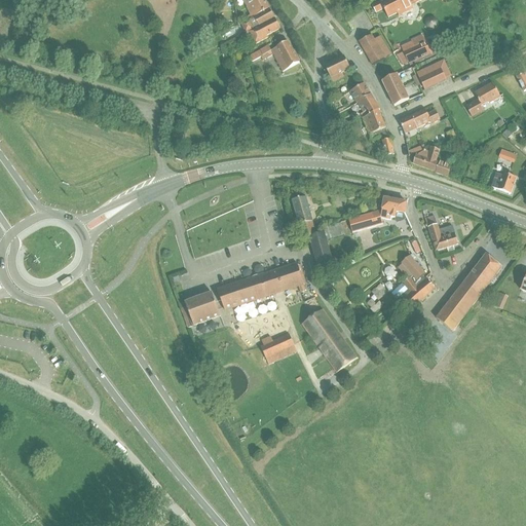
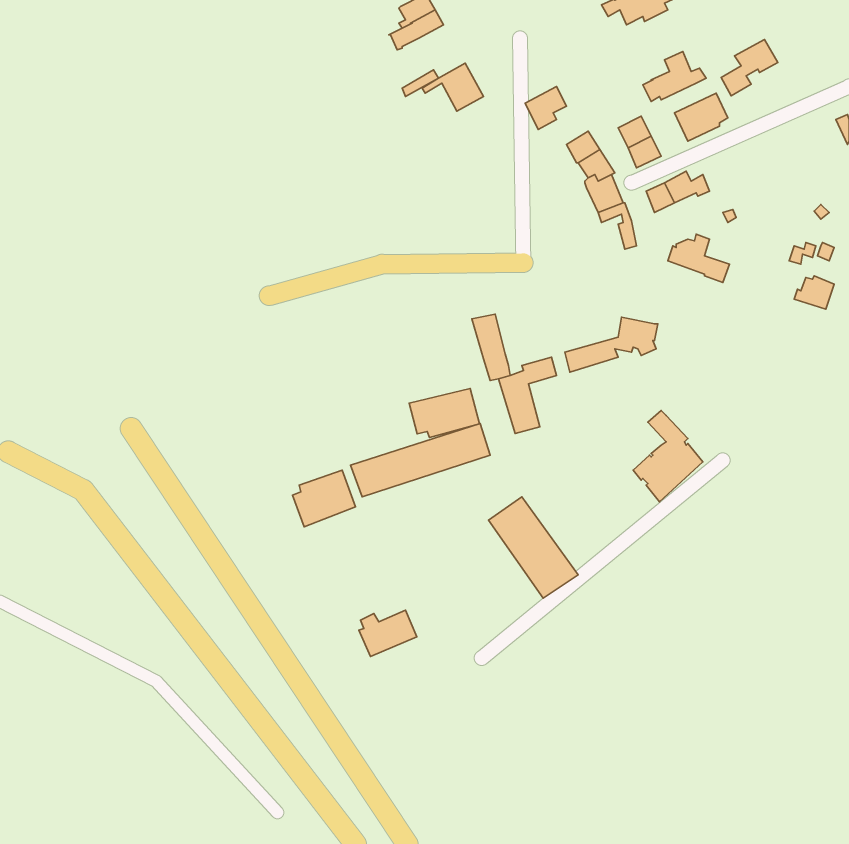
building: [249,15,280,42] -> none
building: [359,32,391,64] -> none
building: [465,80,500,115] -> [721,39,778,96]
building: [425,214,458,249] -> none
building: none -> [409,388,480,438]
building: [437,252,501,330] -> none
building: [261,333,297,362] -> [359,610,417,657]

